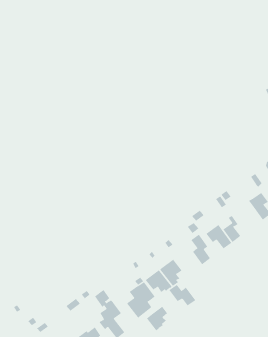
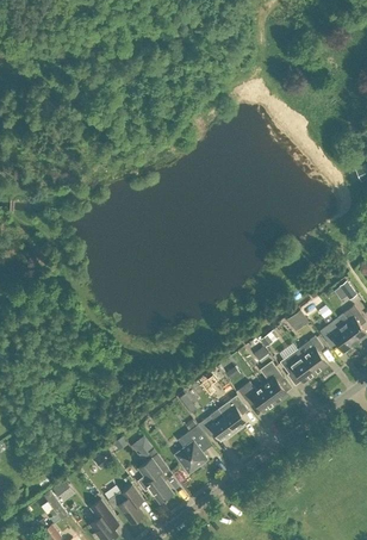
building: none -> [321,317,356,352]
building: [168,284,196,306] -> [238,381,275,411]
building: [146,306,168,331] -> none

